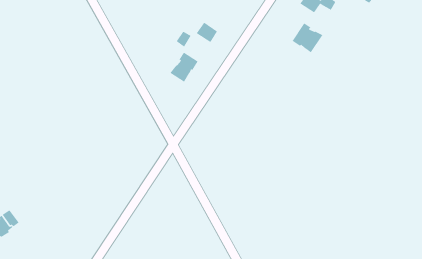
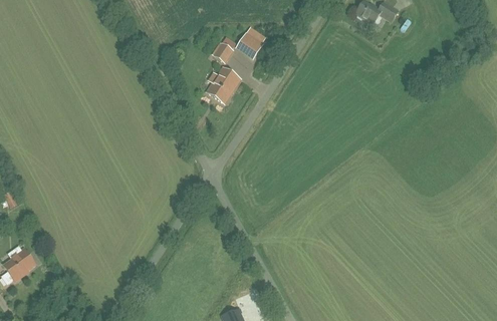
building: [292,23,323,53] -> none

